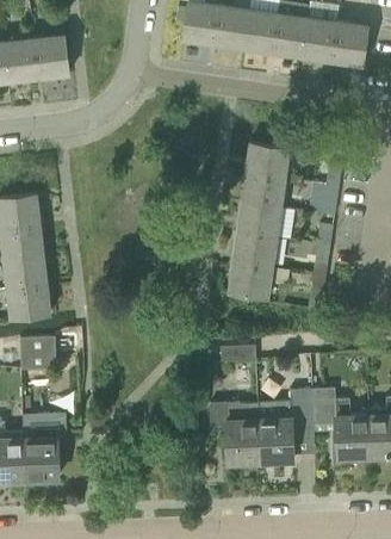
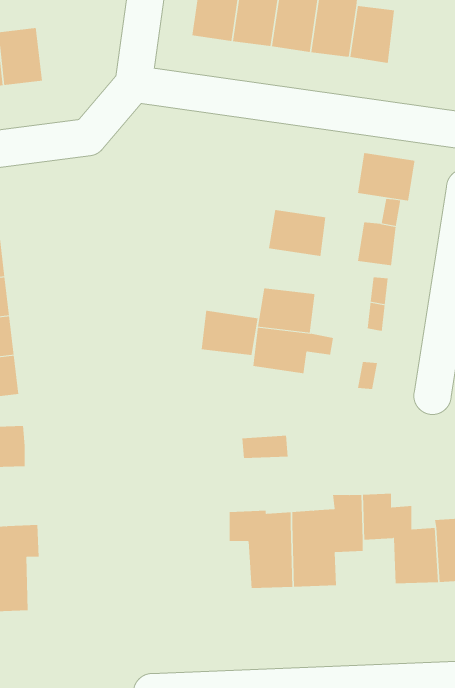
building: [331,21,367,66] -> none
building: [244,142,288,179] -> [357,153,415,201]
building: [236,203,280,237] -> [201,310,259,356]

